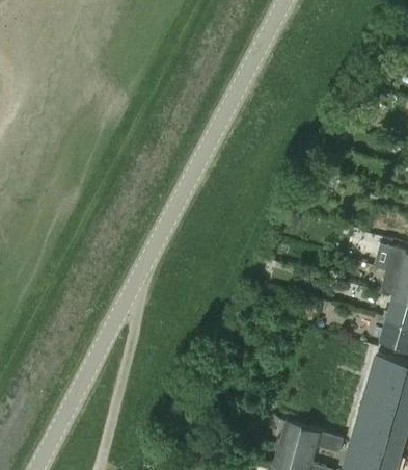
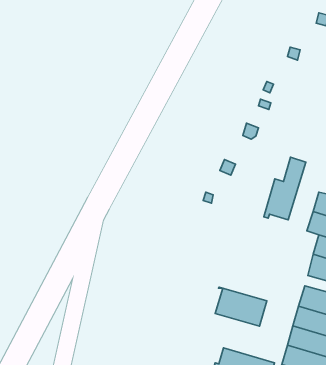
building: none -> [264,157,306,220]
building: none -> [215,287,267,326]

